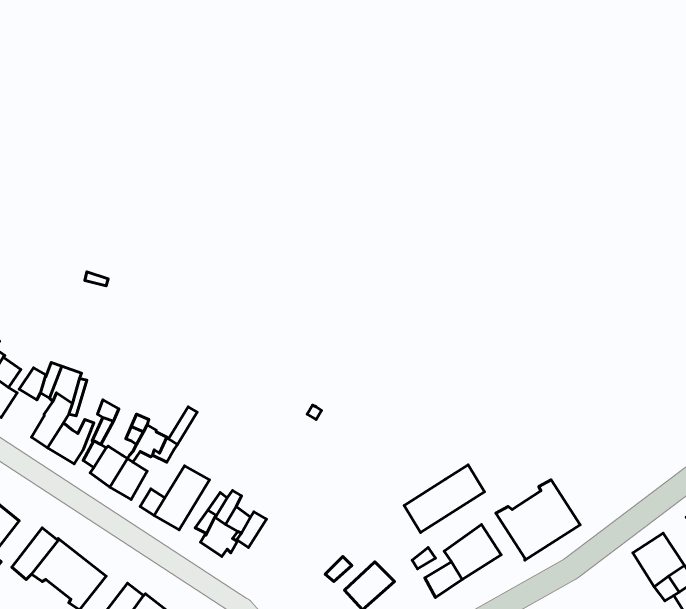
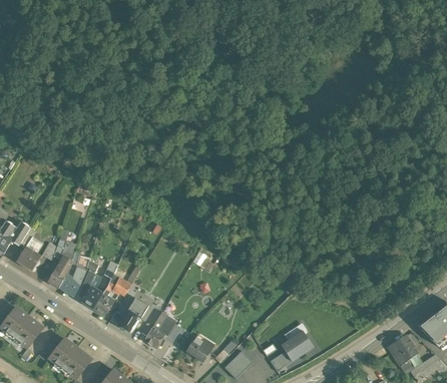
building: [404,465,484,533] -> none
building: [496,480,580,560] -> none
building: none -> [185,334,213,362]

